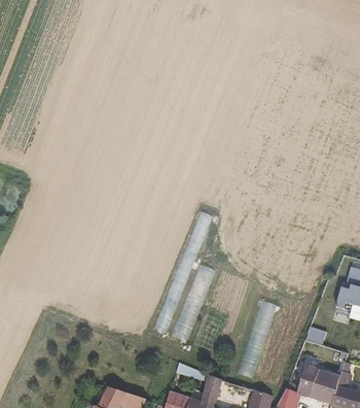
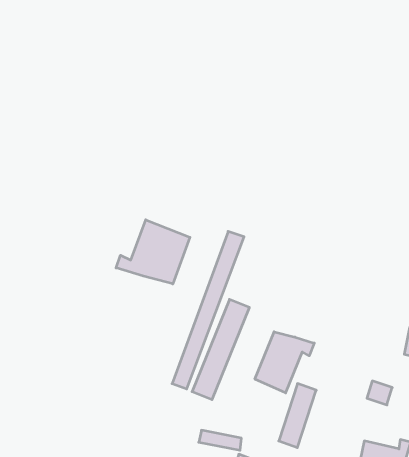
building: none -> [116,220,190,284]
building: none -> [255,332,314,393]

